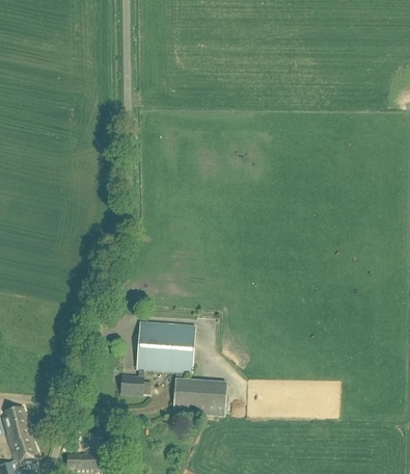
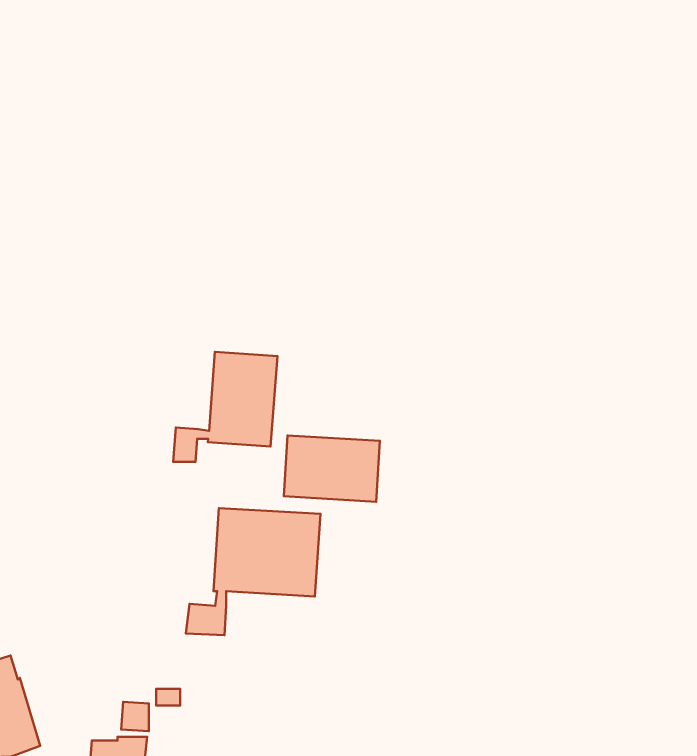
building: none -> [173,352,277,462]
building: [172,378,226,416] -> [284,435,380,502]

